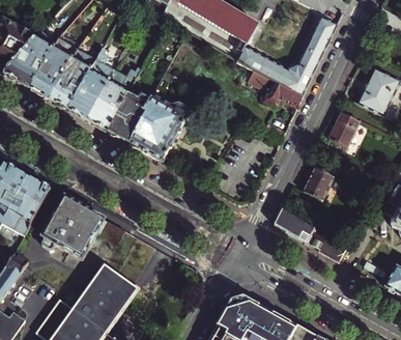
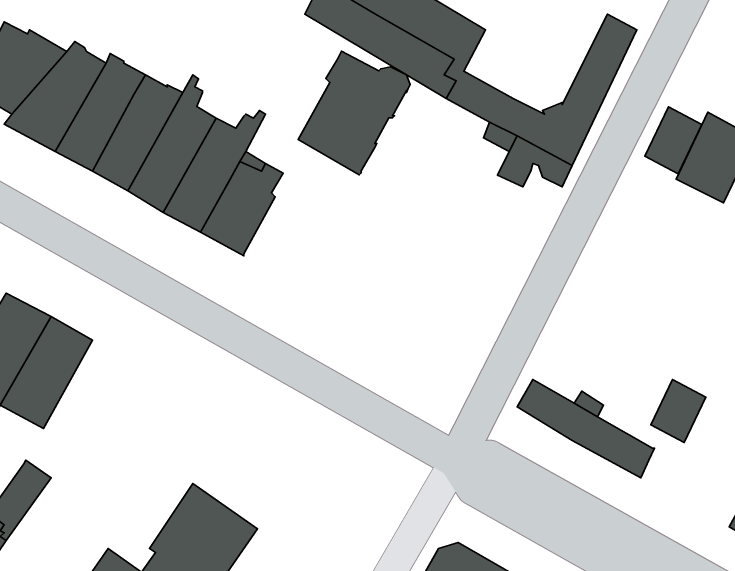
building: [130,95,189,161] -> [298,51,410,175]
building: [328,112,359,147] -> [645,107,702,174]
building: [304,166,333,199] -> [651,379,706,442]
building: [40,196,124,258] -> none

